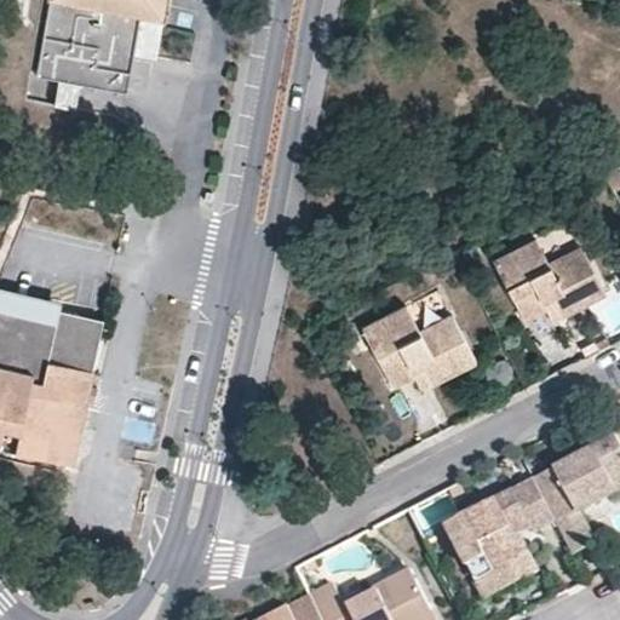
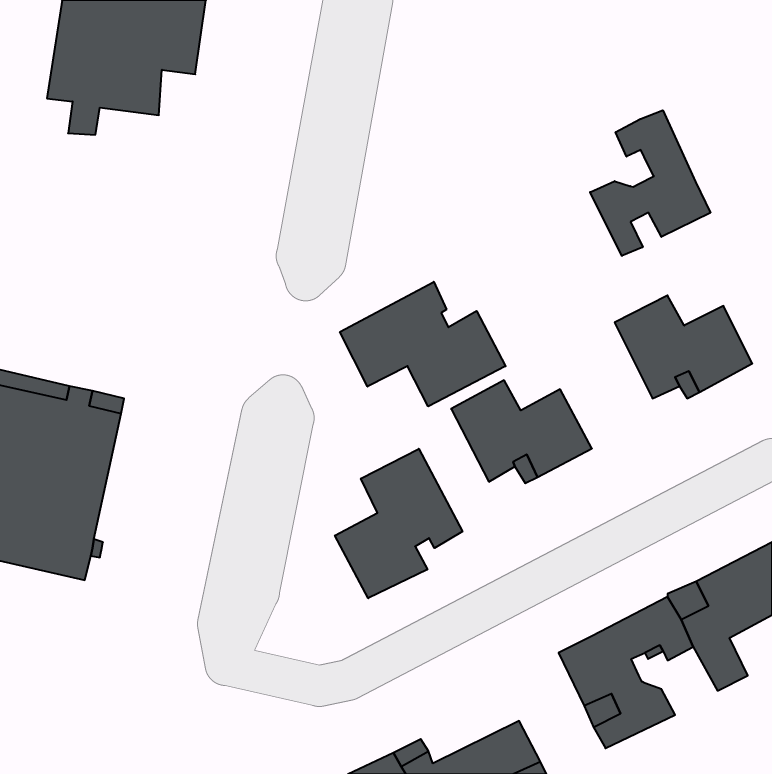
building: none -> [590,110,710,256]
building: none -> [340,282,506,406]
building: none -> [335,449,462,598]

